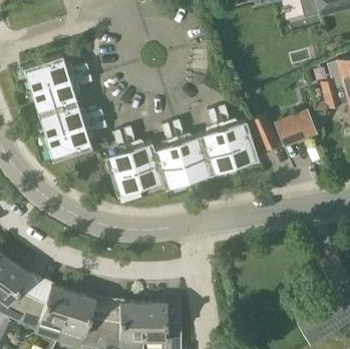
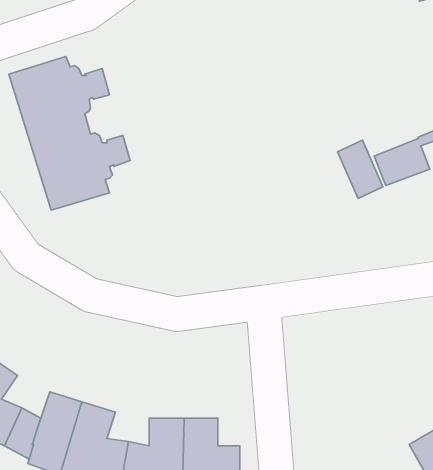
building: [104,104,259,196] -> none

